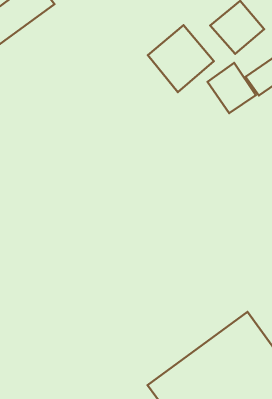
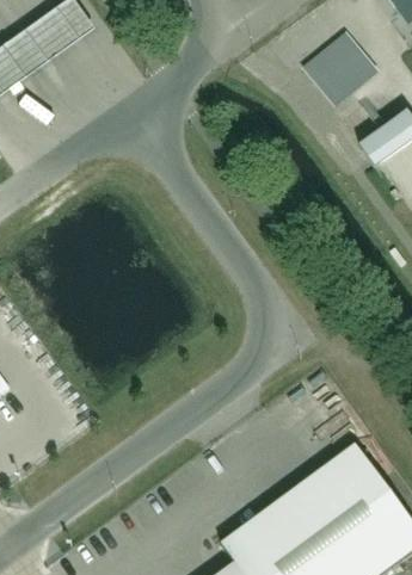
building: [148,25,214,92] -> none
building: [208,63,256,113] -> none

